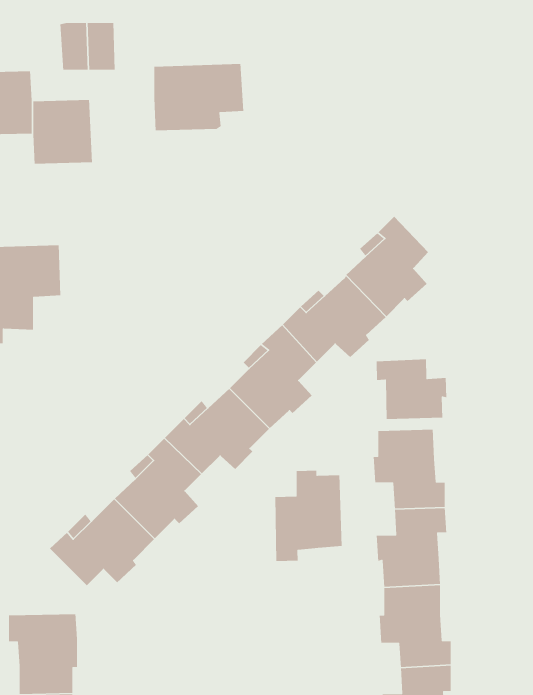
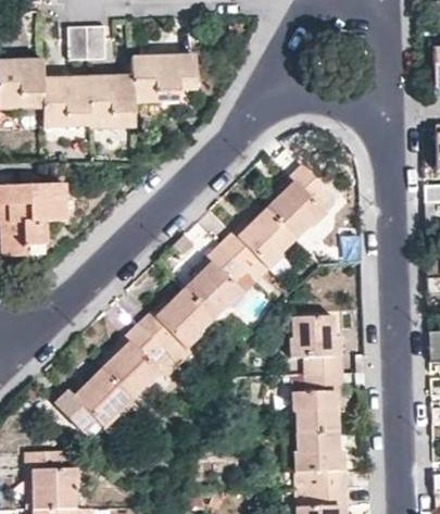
building: none -> [87,79,135,126]
building: [376,359,447,420] -> none
building: [274,470,342,562] -> none

